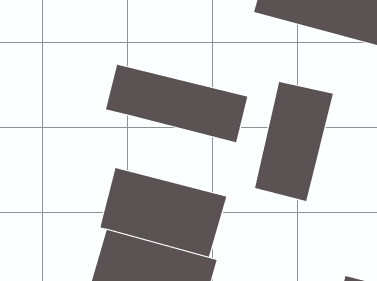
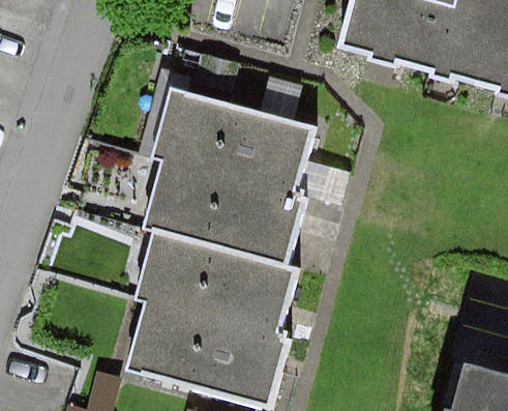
building: [254,81,333,202] -> none
building: none -> [162,159,327,264]

